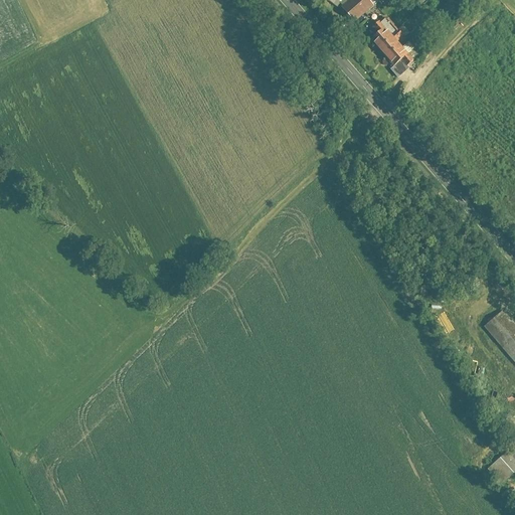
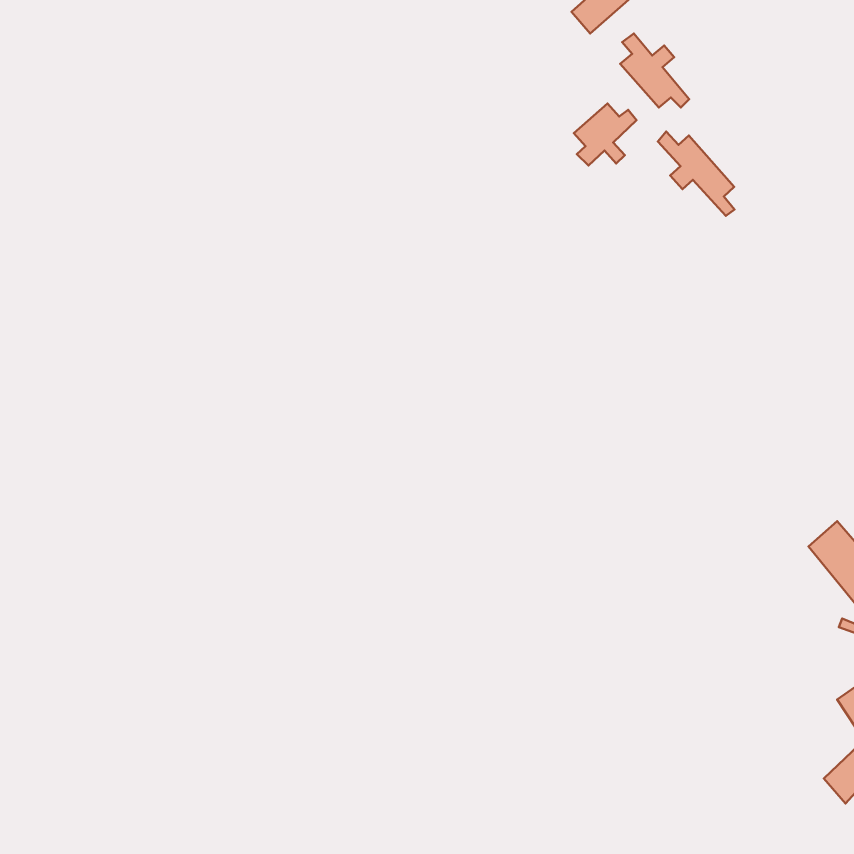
building: none -> [574,103,636,166]
building: none -> [658,132,734,216]

